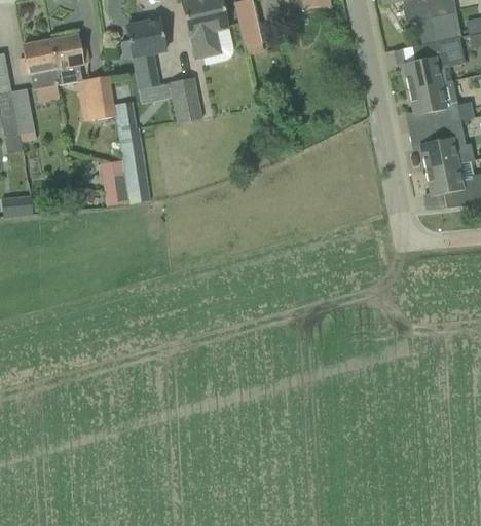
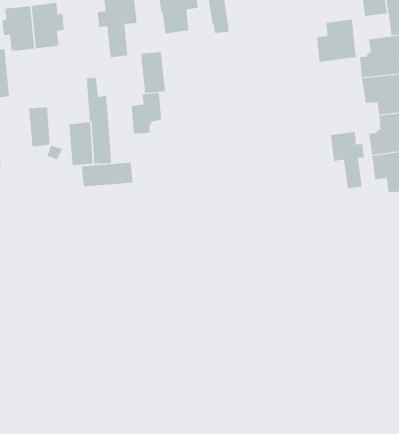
building: none -> [317,19,357,63]
building: [87,75,114,119] -> [28,107,50,147]
building: none -> [131,92,162,135]
building: none -> [330,131,365,189]
building: none -> [81,162,133,187]

